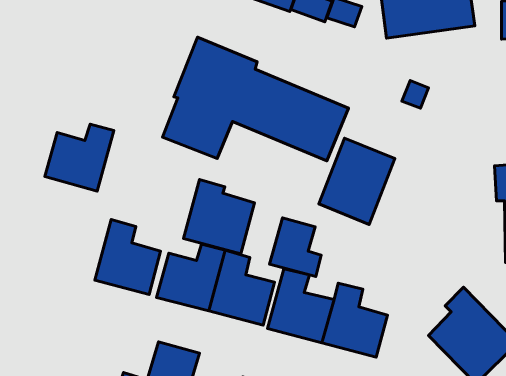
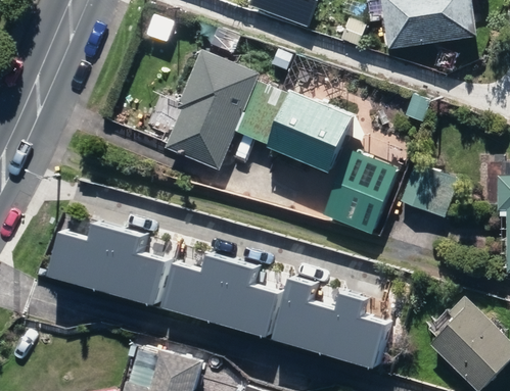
building: [45,124,114,191] -> [47,224,115,290]
building: none -> [402,162,460,217]
building: [184,180,254,254] -> none
building: [270,218,321,277] -> none

